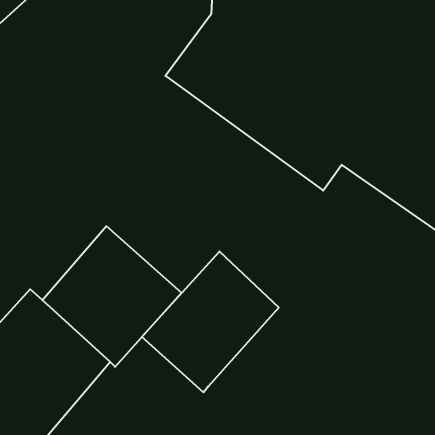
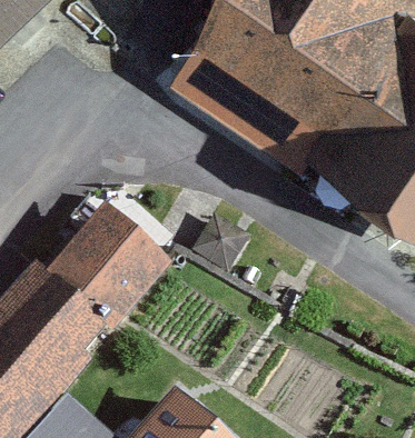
building: [142,251,279,392] -> none

